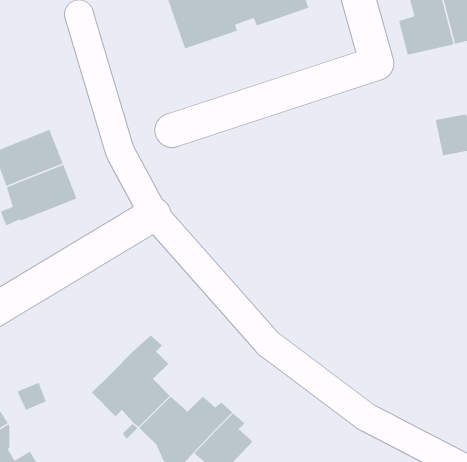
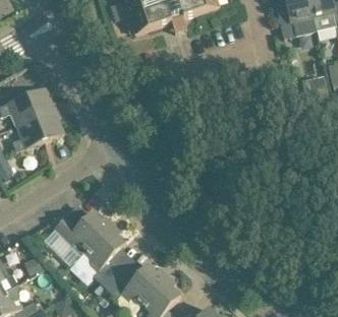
building: none -> [43,211,112,265]

